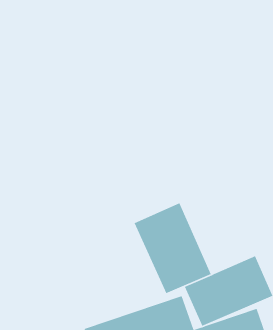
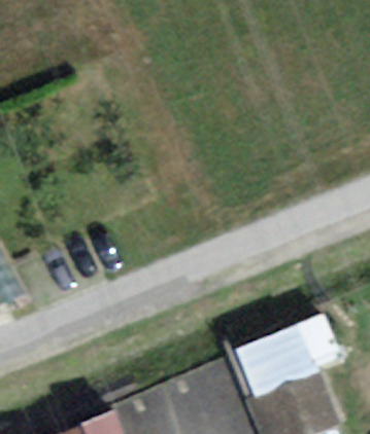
building: [133,202,212,294] -> none

